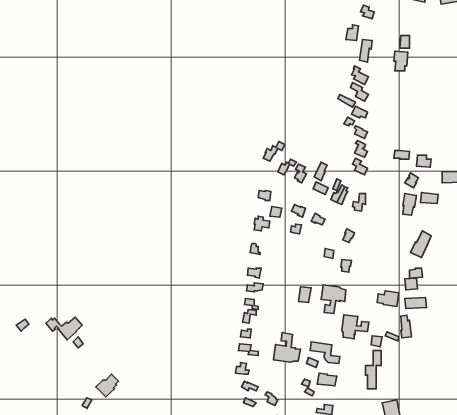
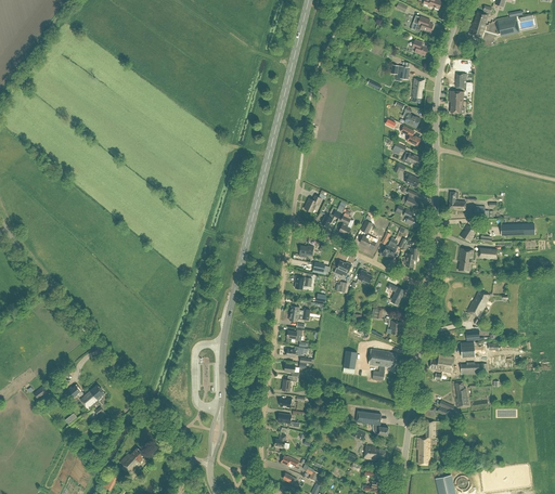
building: [342,315,369,339] -> none
building: [274,333,301,362] -> none

